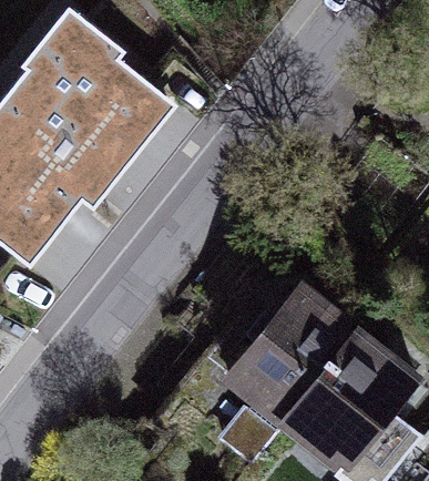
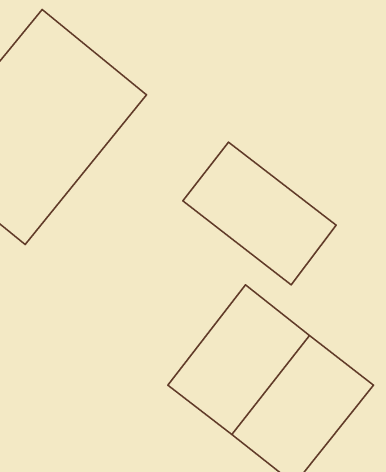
building: none -> [183,142,336,285]

